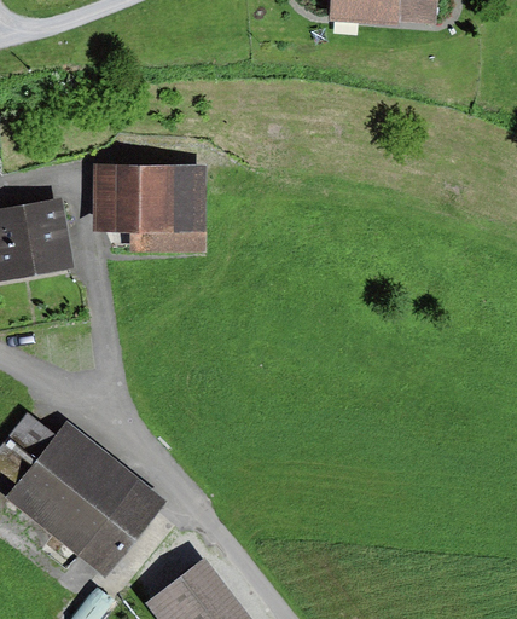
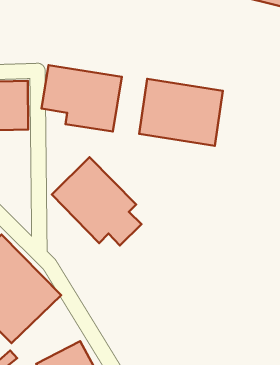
building: none -> [139,79,223,146]
building: none -> [52,157,142,246]

